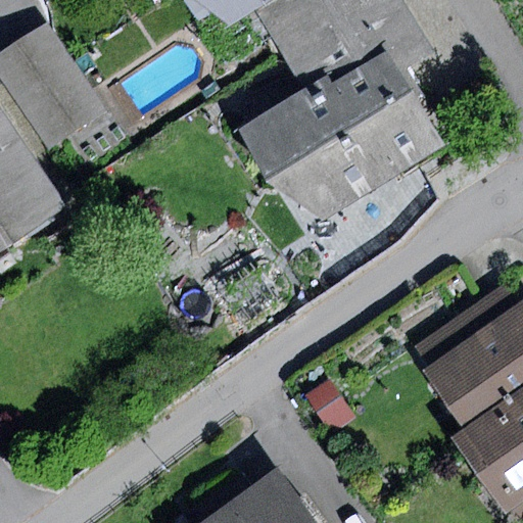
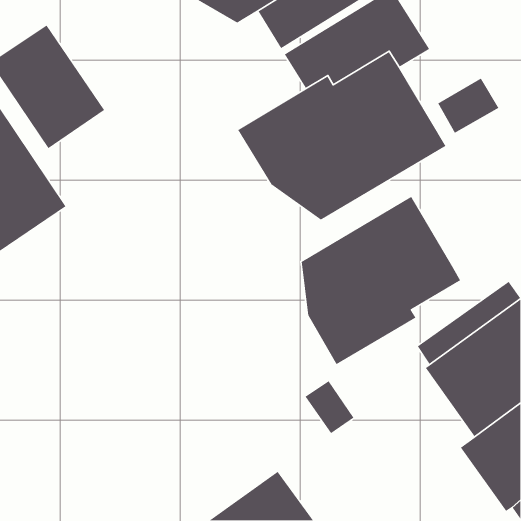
building: none -> [301,196,461,365]

